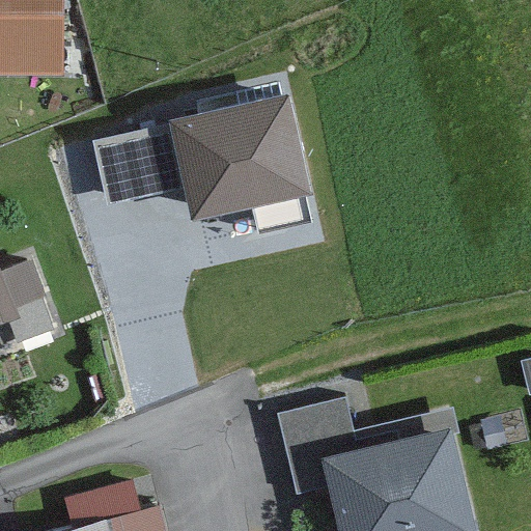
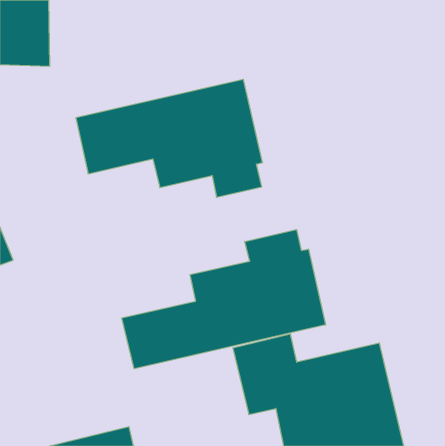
building: none -> [122,230,326,369]

